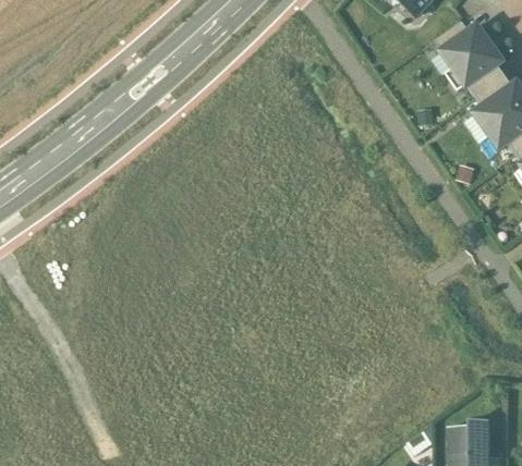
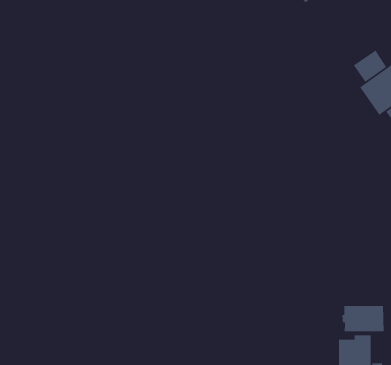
building: [442,24,502,87] -> none
building: none -> [342,305,384,332]

